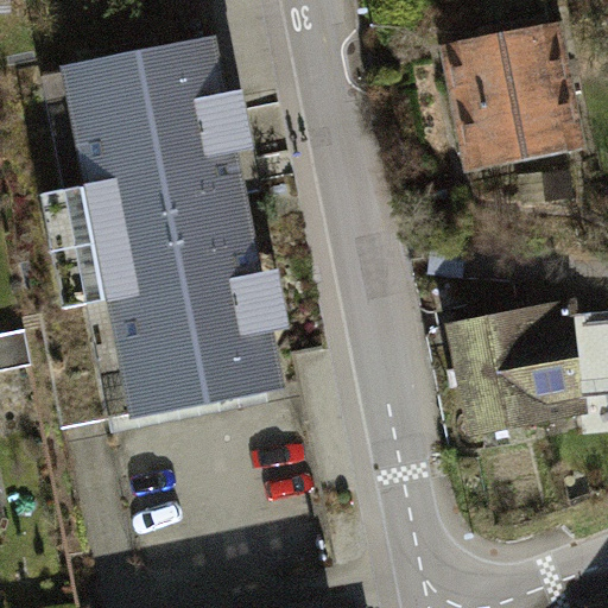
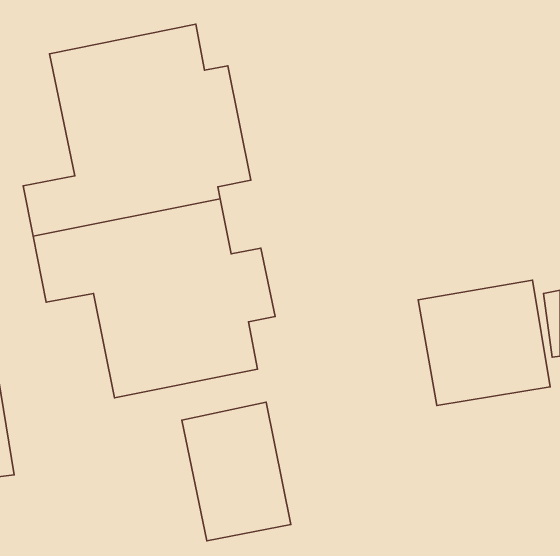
building: [457,20,577,165] -> none
building: none -> [182,402,291,541]

